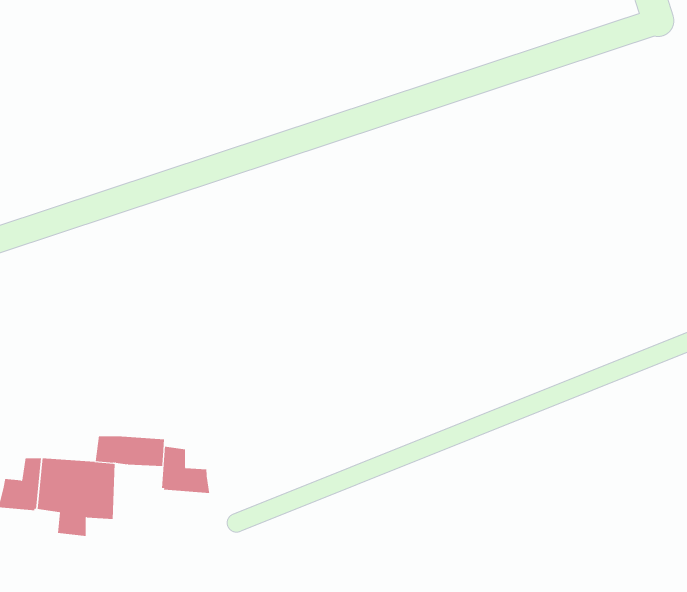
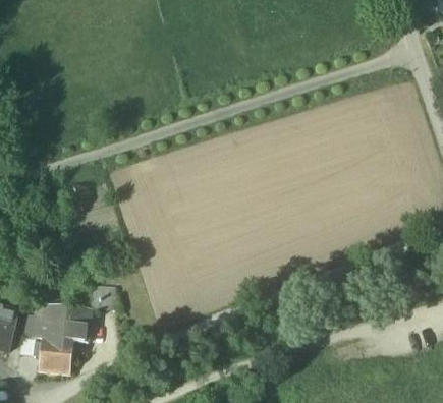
building: [162,446,210,494] -> none
building: none -> [37,335,71,372]

